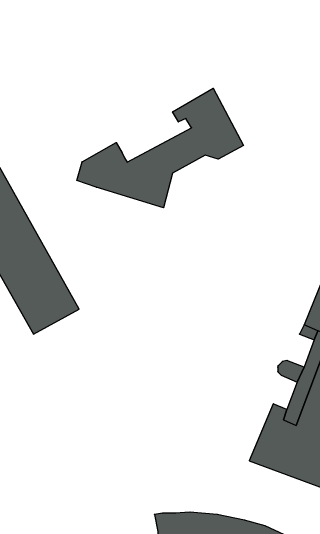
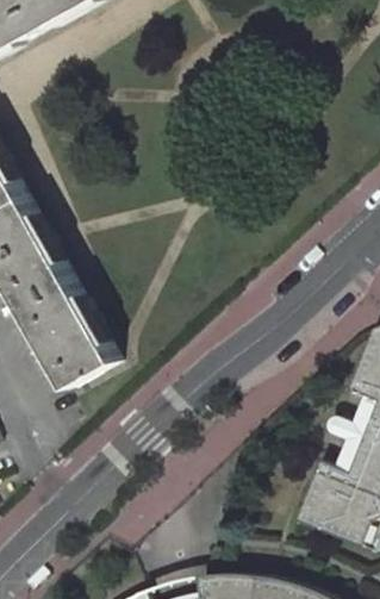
building: [77,88,243,208] -> none

